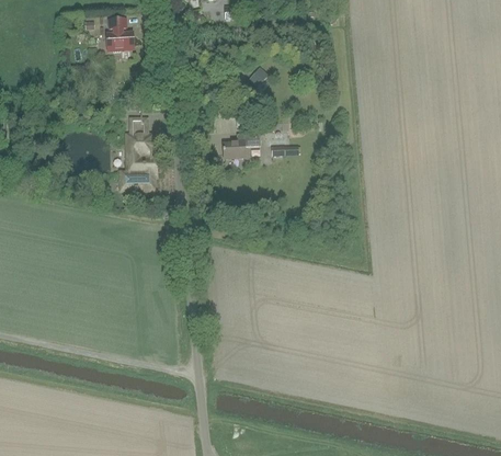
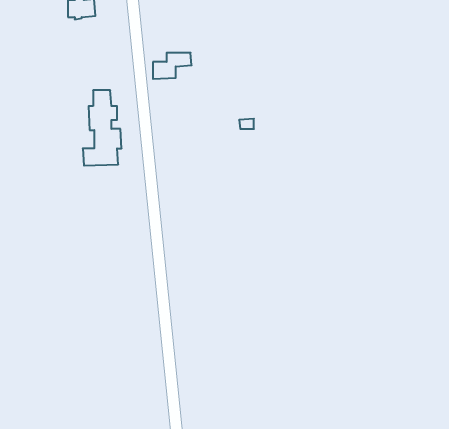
building: [223,134,260,159] -> [153,53,192,79]

